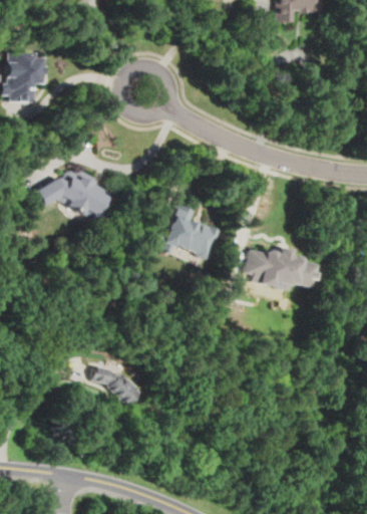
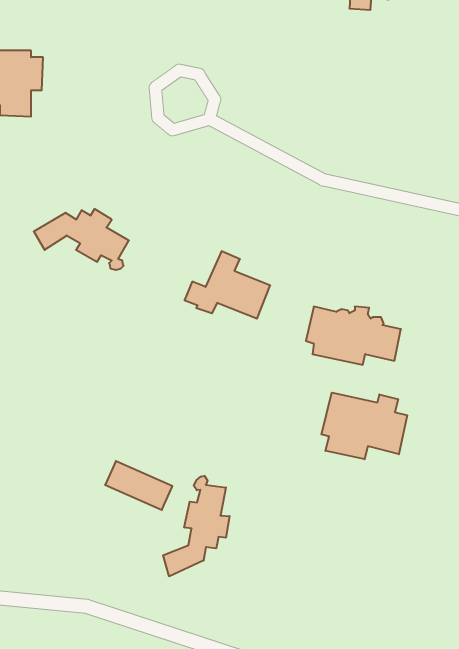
building: none -> [321,393,407,459]
building: none -> [163,476,230,576]

